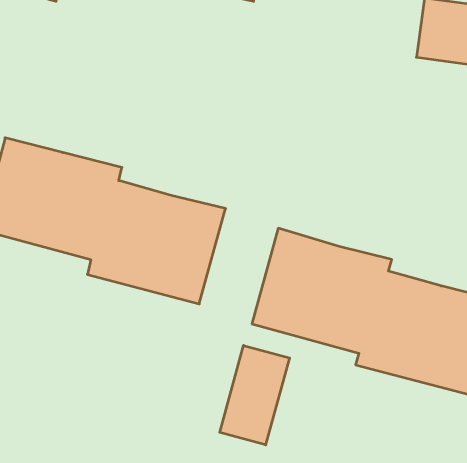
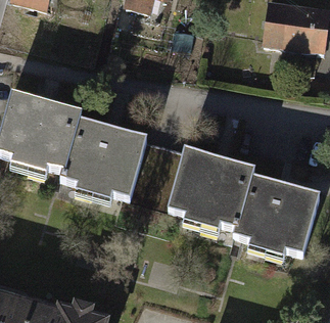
building: [220,345,290,445] -> none

